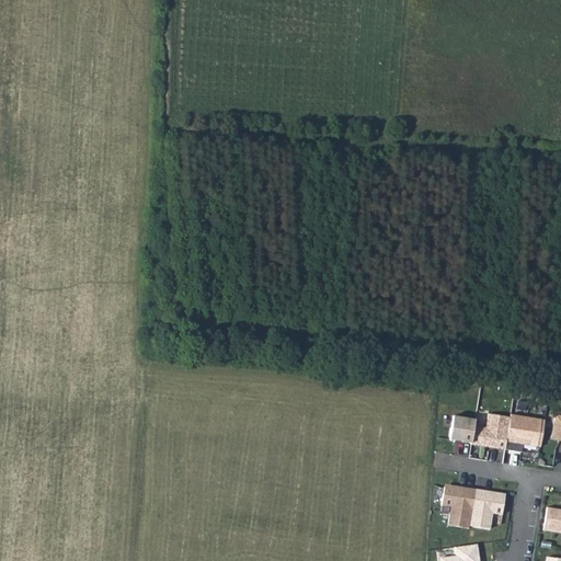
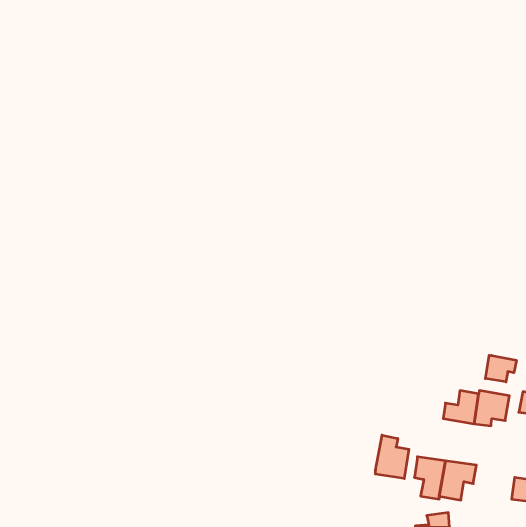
building: none -> [485,355,516,382]
building: [450,416,476,444] -> none
building: none -> [375,435,409,479]

